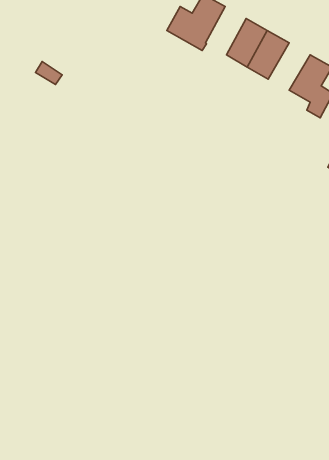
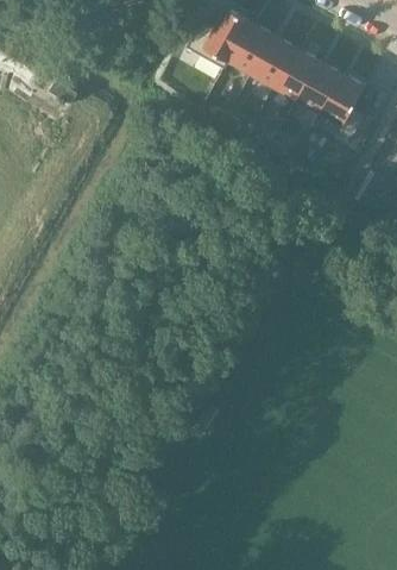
building: none -> [229,21,273,74]
building: none -> [297,61,342,112]

